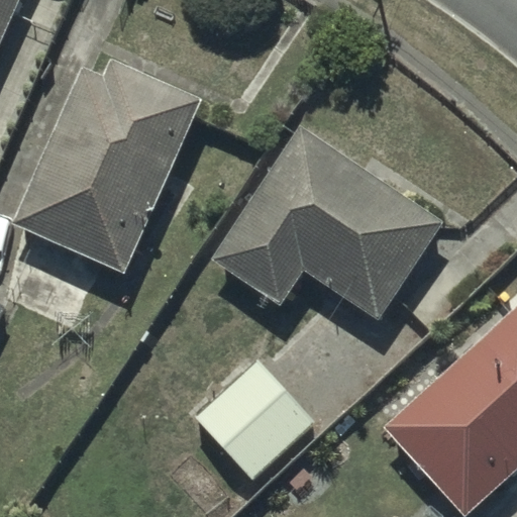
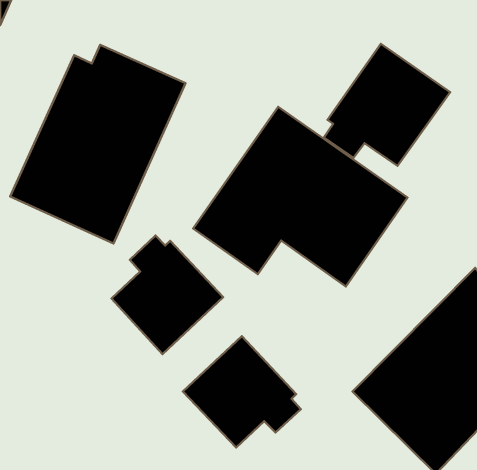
building: none -> [324,44,450,166]
building: none -> [111,236,223,354]

